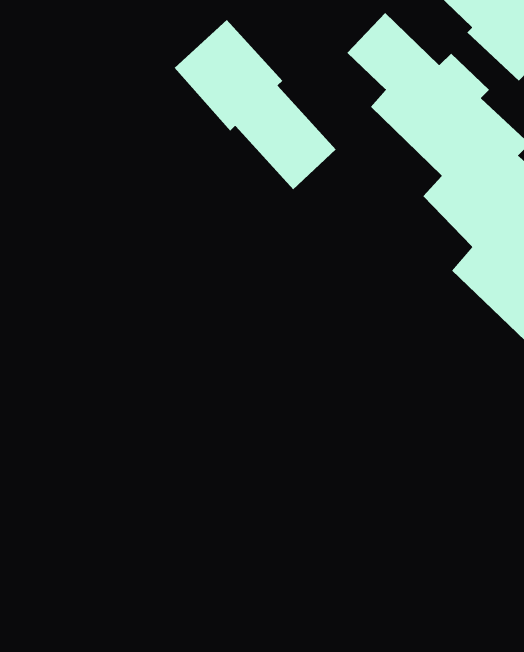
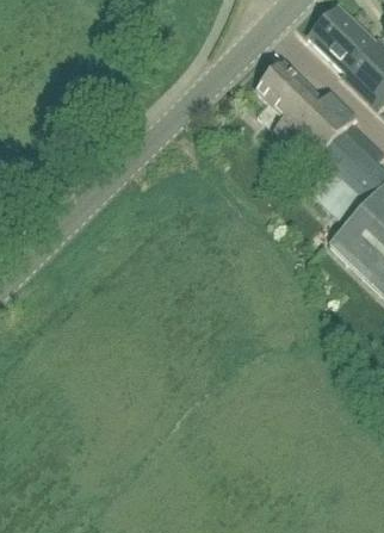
building: [174,19,336,190] -> none

